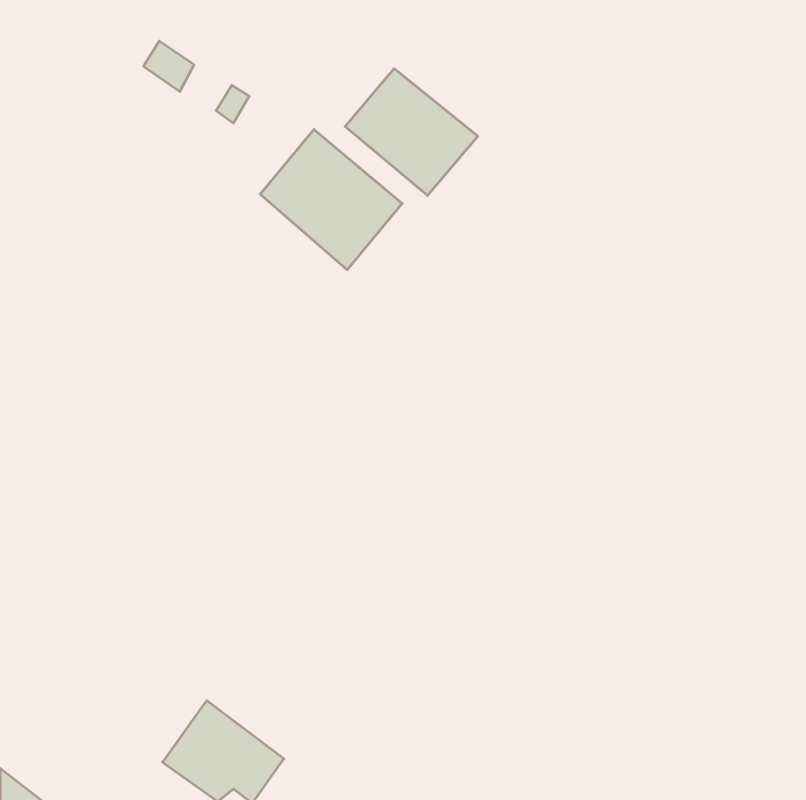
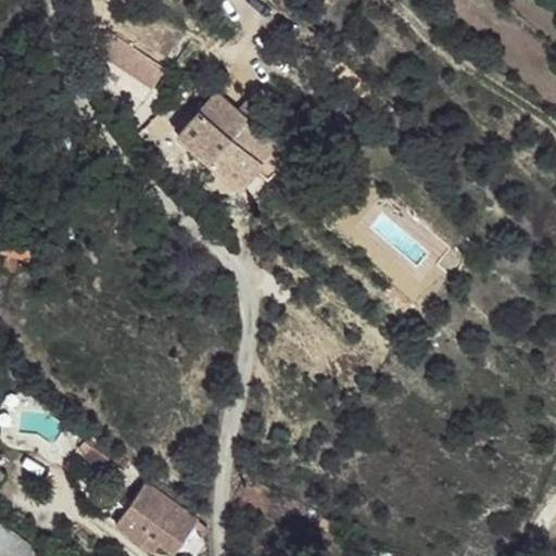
building: [345,69,478,196] -> none

